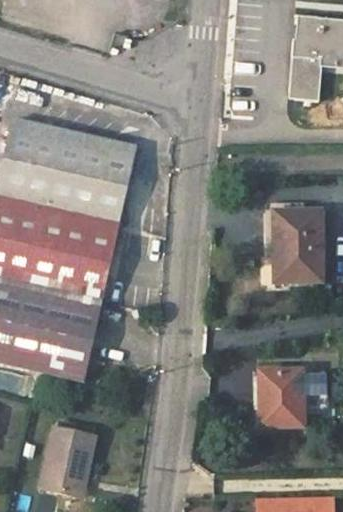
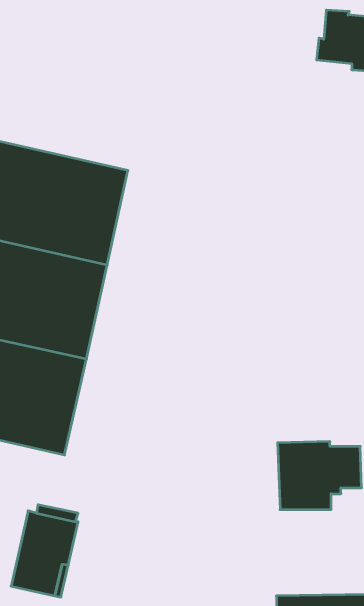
building: [289,56,321,100] -> none
building: [274,211,322,282] -> none

